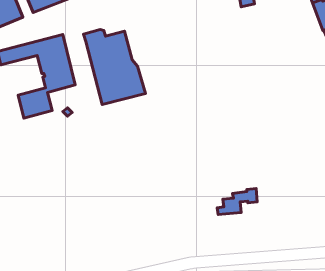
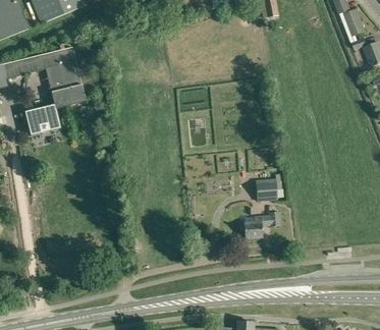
building: [84,30,145,105] -> none
building: none -> [255,178,277,200]

